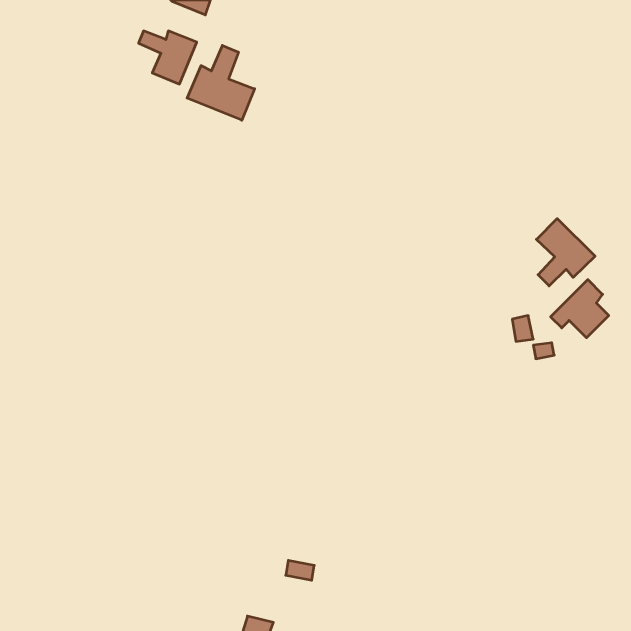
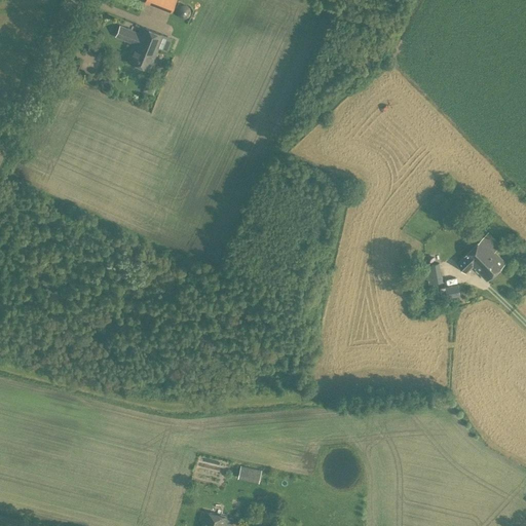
building: [187,45,255,120] -> none
building: [536,219,595,286] -> none

